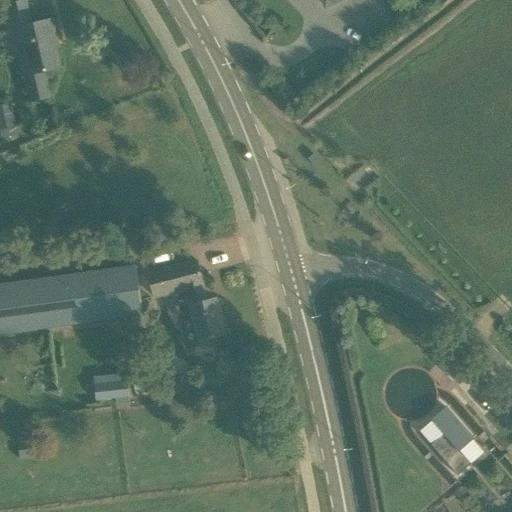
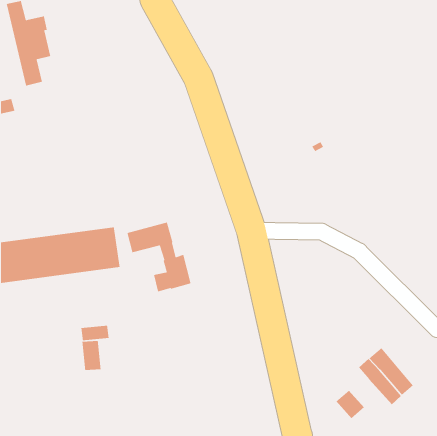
building: none -> [82,340,101,371]
building: none -> [336,390,365,419]

